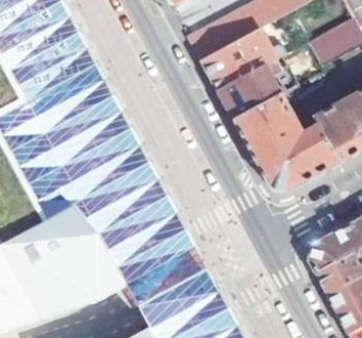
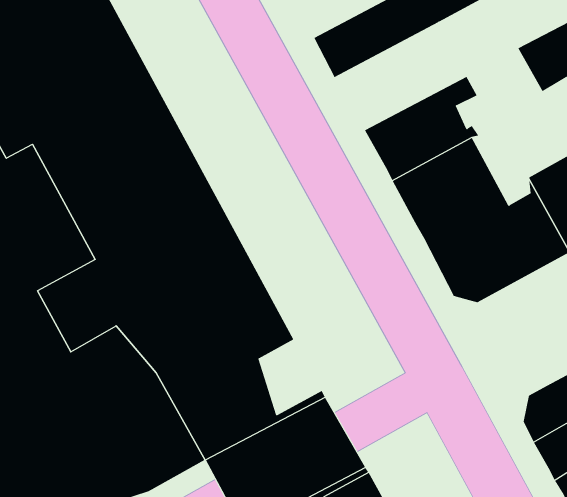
building: [200,28,278,91] -> none
building: [156,214,193,258] -> none

